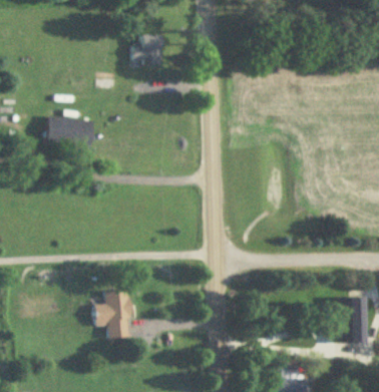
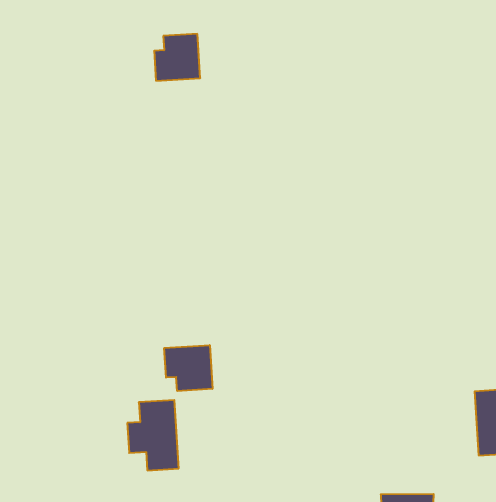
building: [46,118,93,149] -> none
building: none -> [164,345,212,391]

